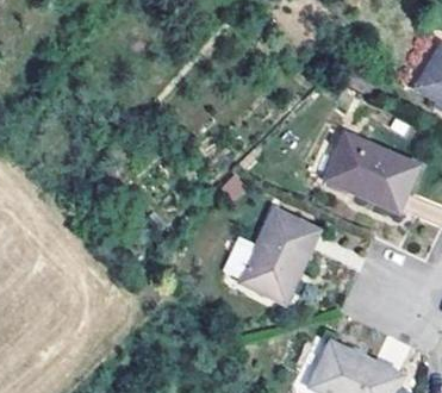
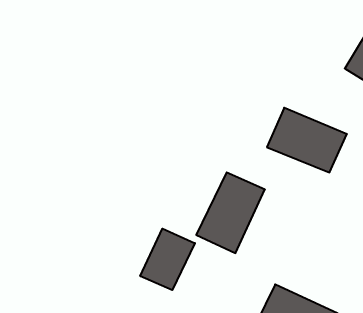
building: none -> [140,229,195,290]

